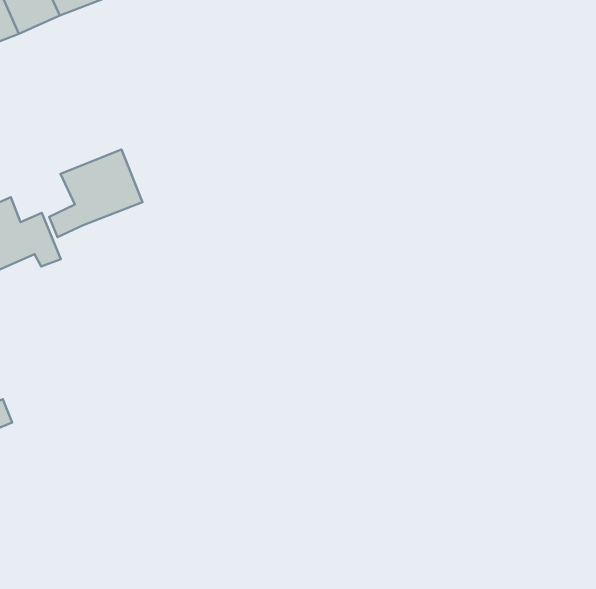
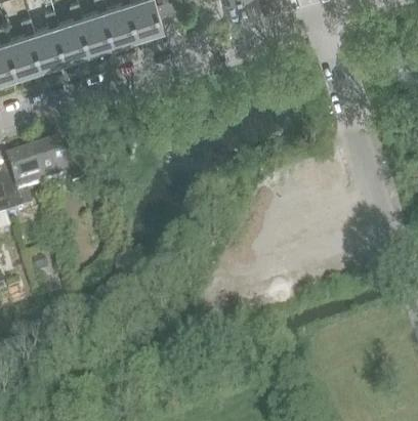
building: [49,149,143,237] -> none

